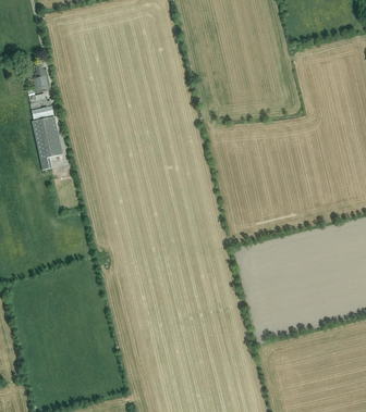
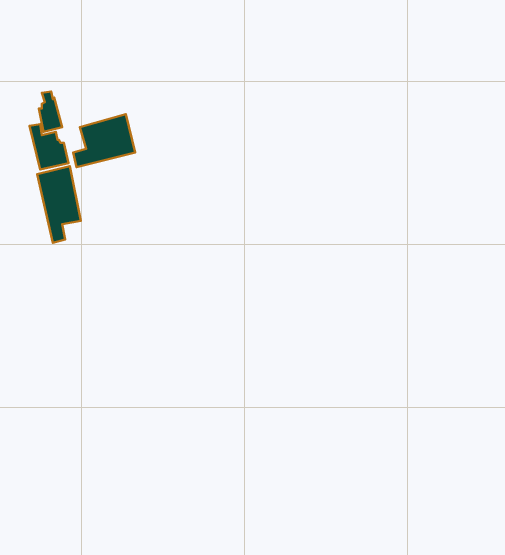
building: none -> [73,114,135,167]

